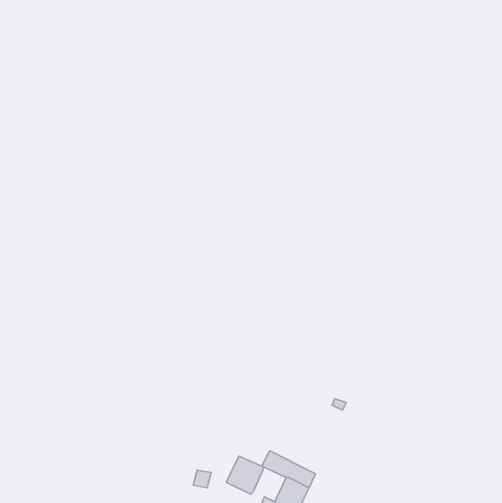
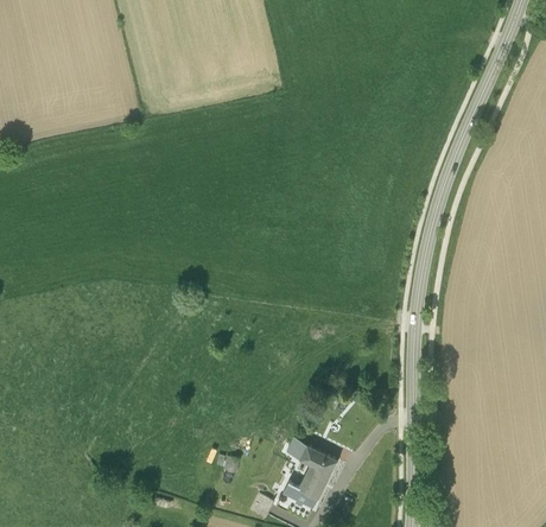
building: [227,456,264,494] -> none

